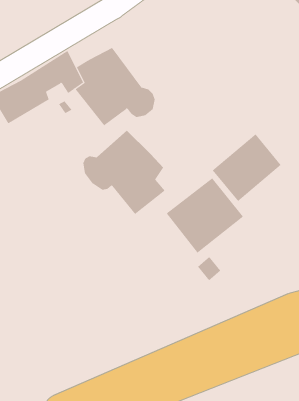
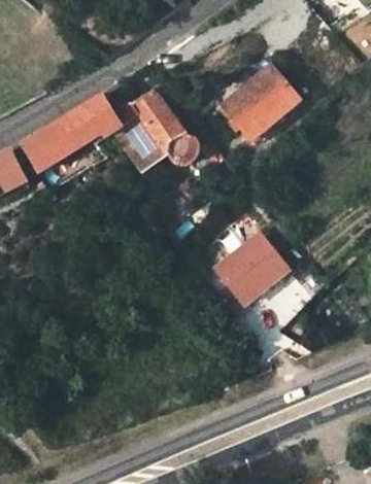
building: [83,130,165,215] -> none
building: [212,133,282,202] -> [227,66,302,140]

